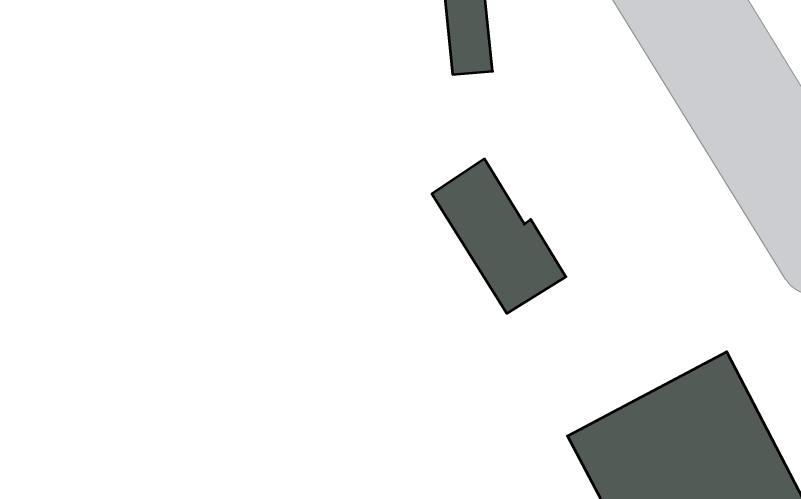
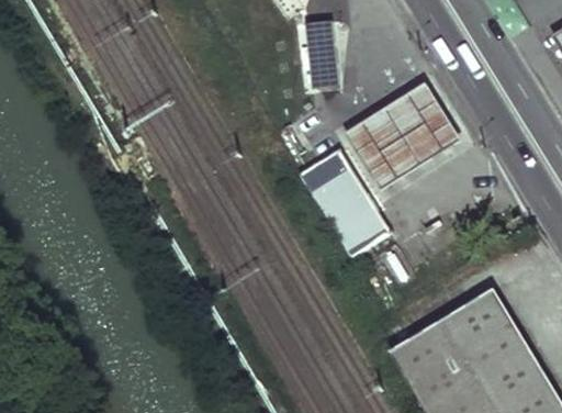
building: none -> [344,87,461,196]

